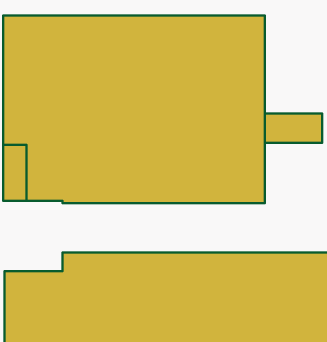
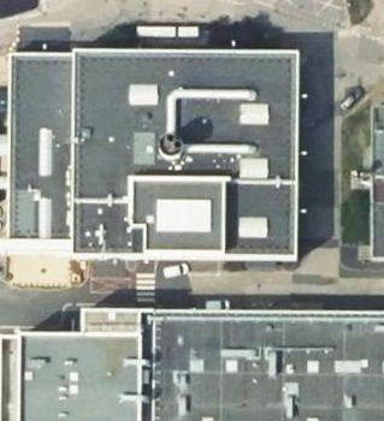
building: [265,113,322,143] -> none

